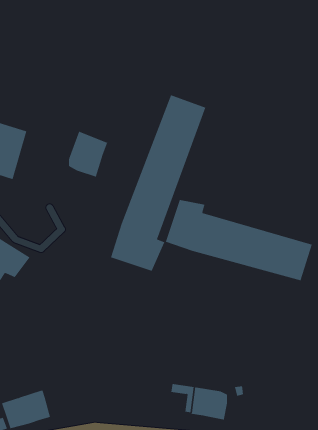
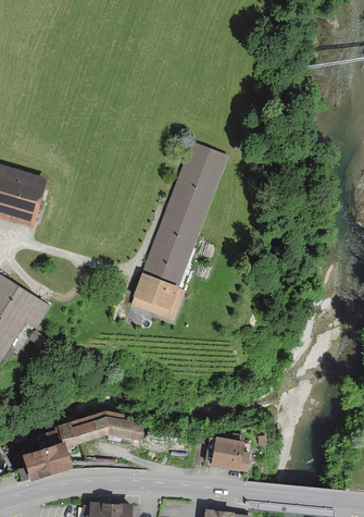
building: [68,131,108,178] -> none
building: [165,199,312,281] -> none
building: none -> [55,409,142,447]

